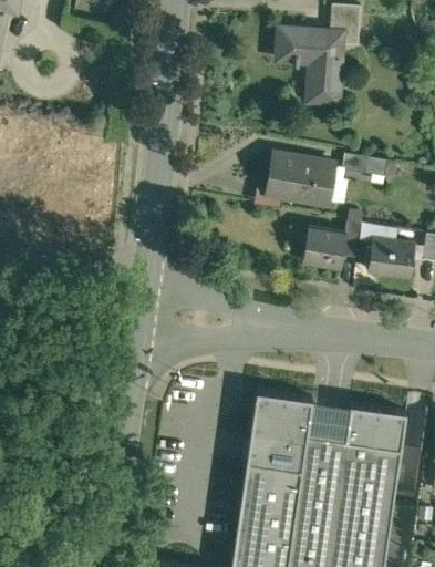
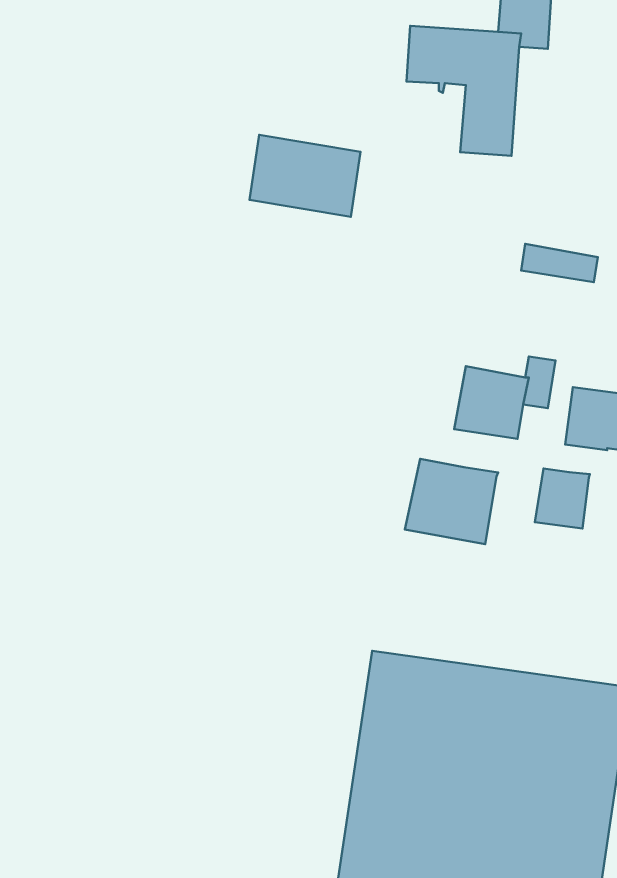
building: [271,157,335,205] -> [249,135,360,217]
building: none -> [405,459,498,544]
building: none -> [535,468,590,529]

